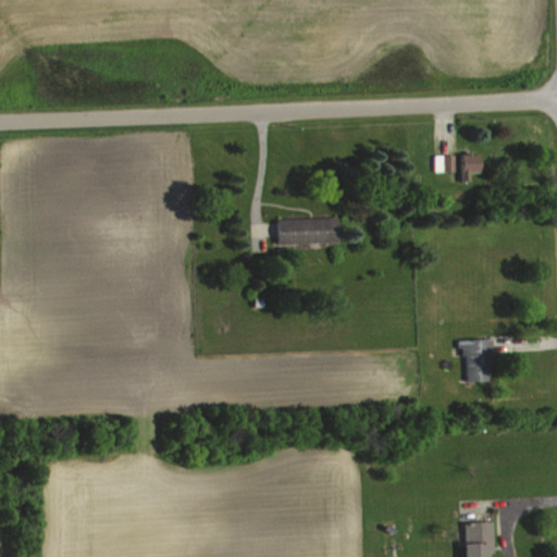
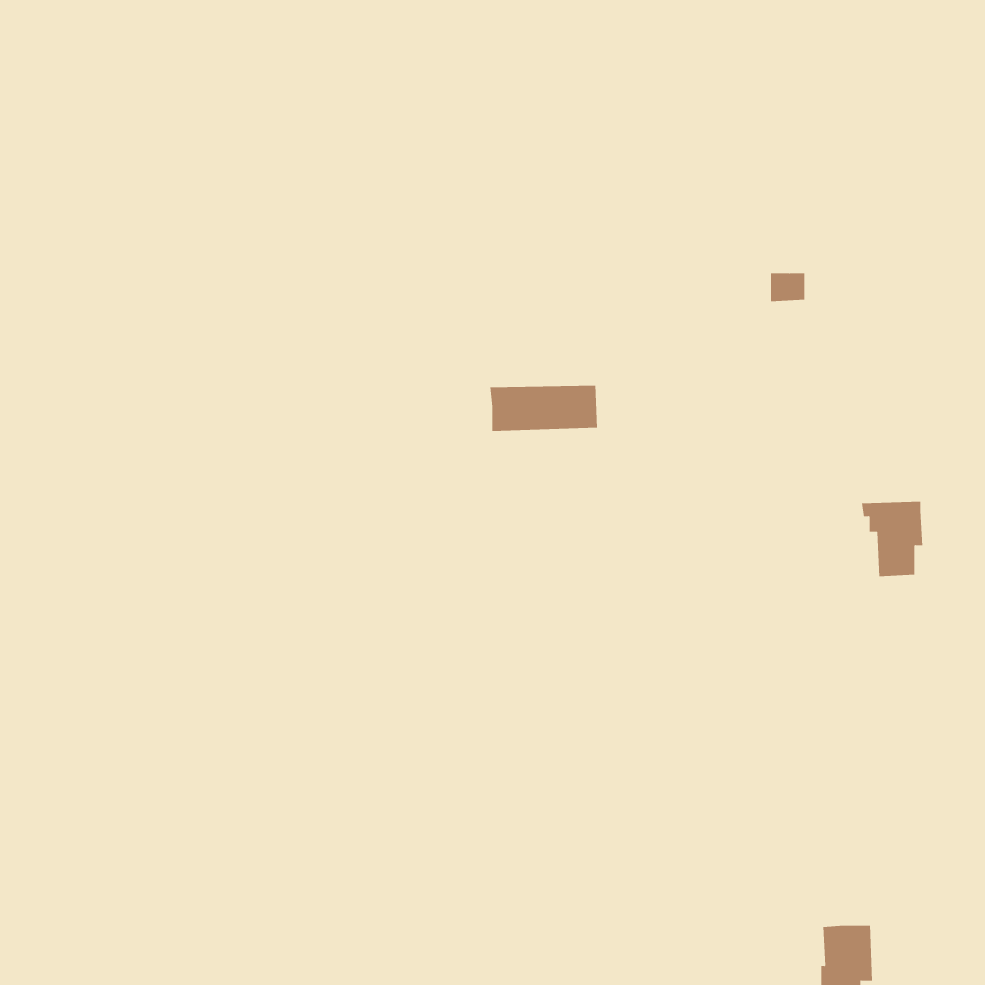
building: [461,152,481,182] -> none
building: [458,339,493,382] -> [861,501,923,577]

